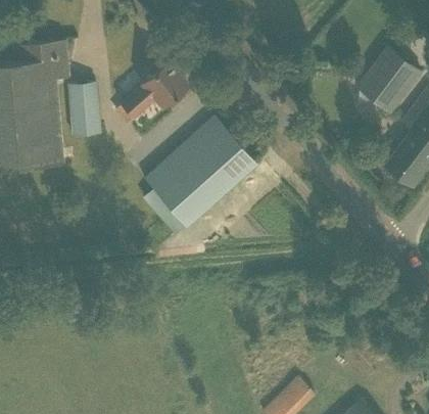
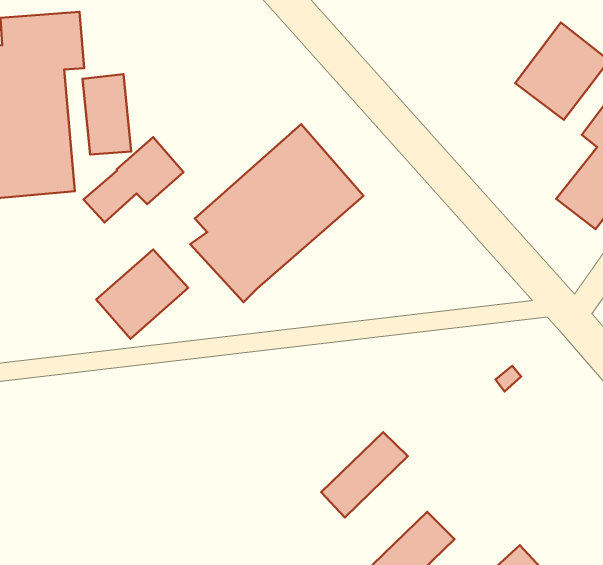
building: [120,62,187,120] -> [83,137,184,222]
building: none -> [96,249,188,339]
building: none -> [321,432,408,517]

